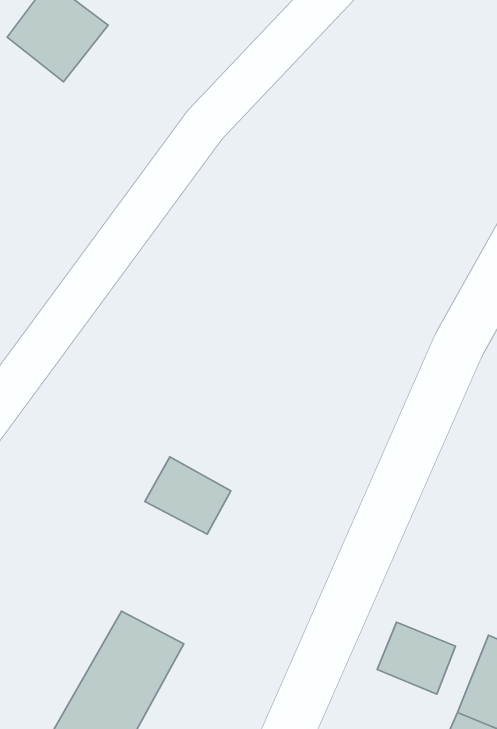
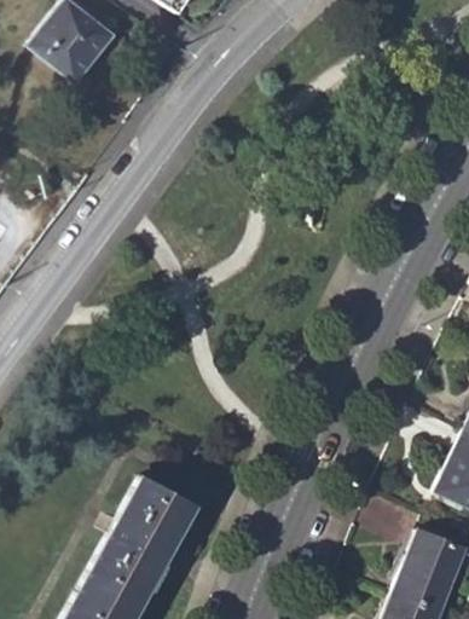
building: [145,457,231,534] -> [122,475,192,538]
building: [377,622,455,694] -> none

